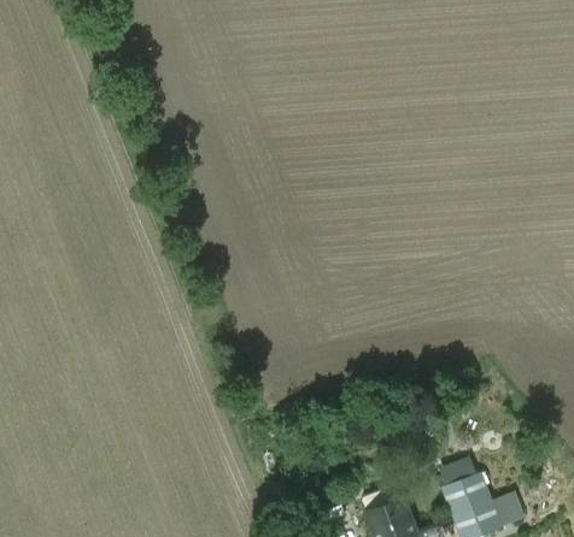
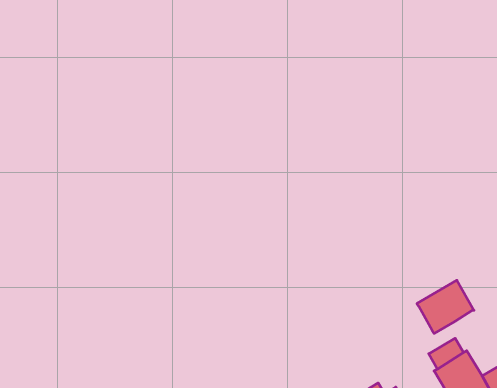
building: none -> [417,280,474,333]

